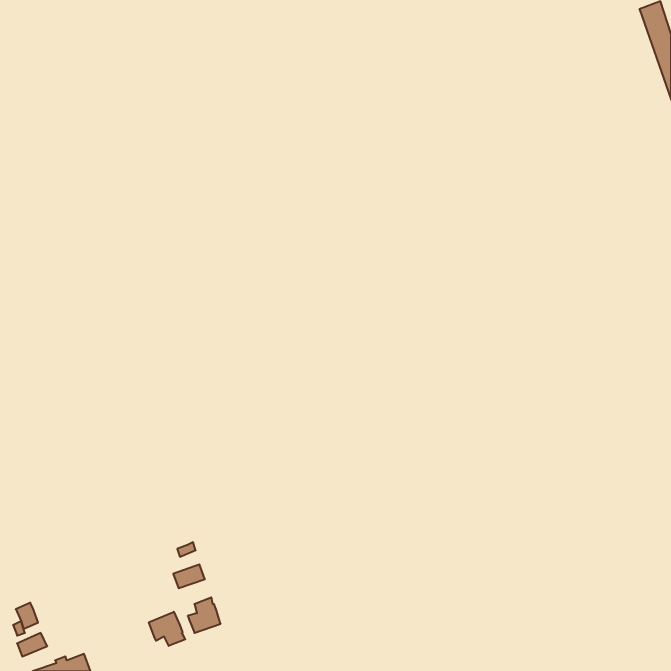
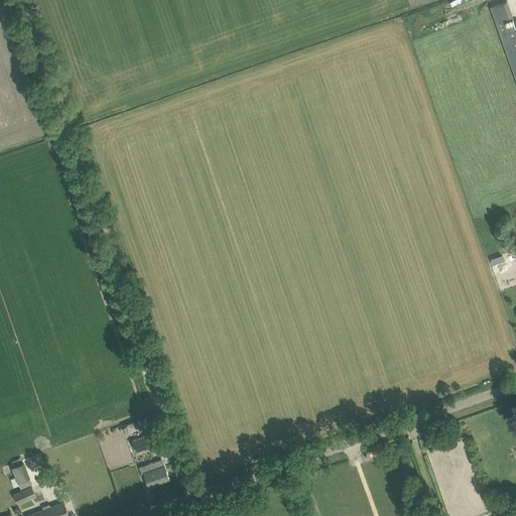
building: [149,612,185,646] -> none

